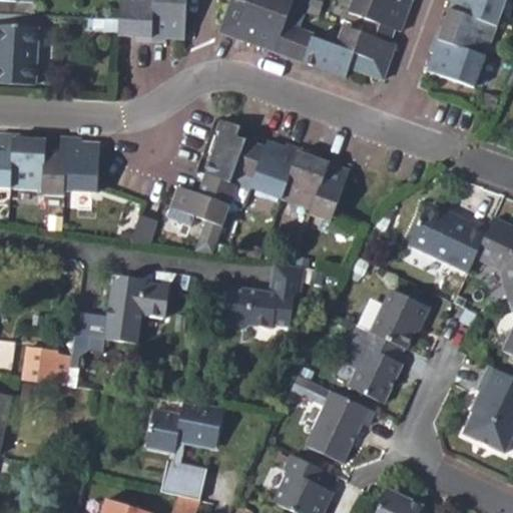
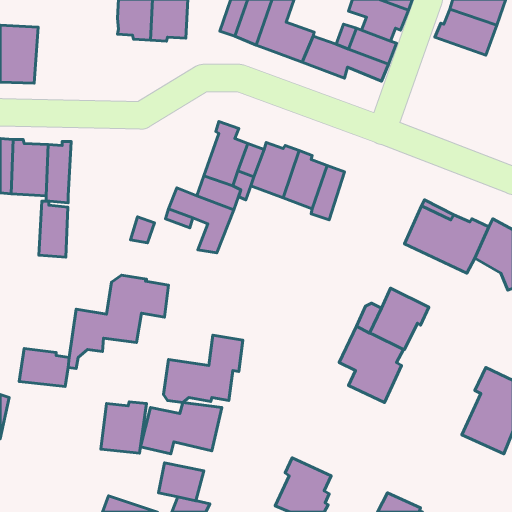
building: [428,37,486,85] -> none
building: [69,141,98,197] -> [39,201,68,257]
building: [224,261,304,328] -> [164,335,243,403]
building: [291,376,373,465] -> none
building: none -> [101,402,147,453]

